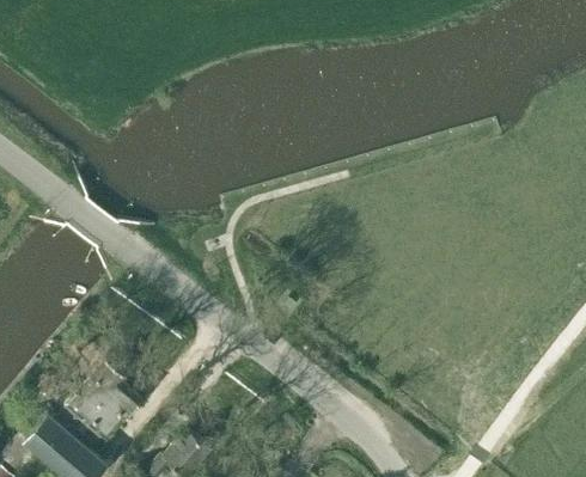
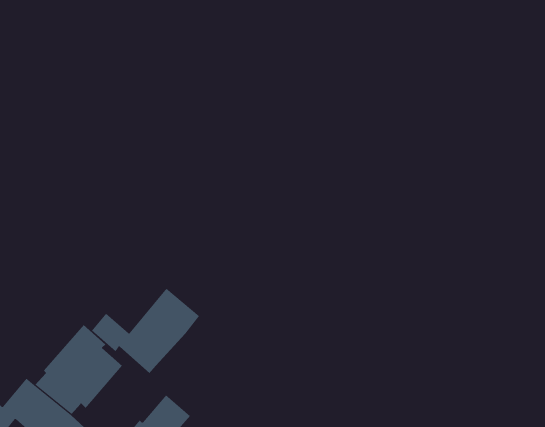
building: none -> [91,288,200,374]

